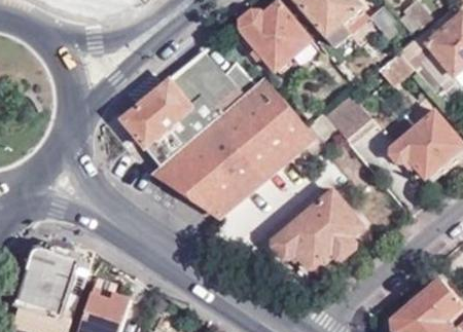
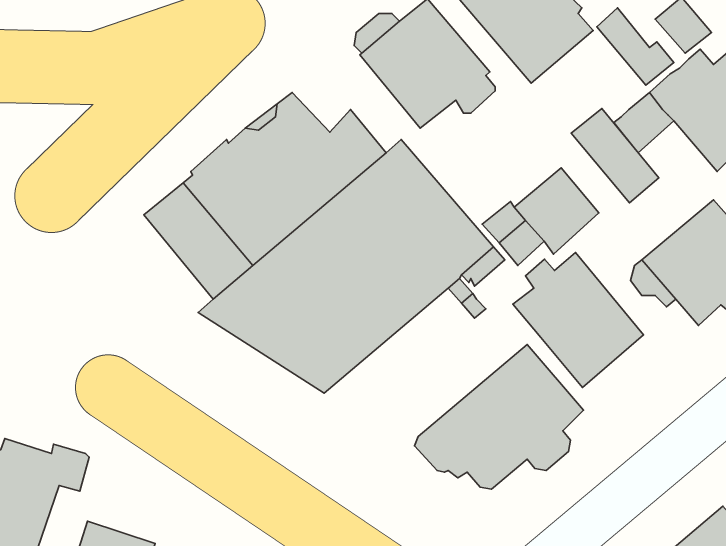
building: none -> [571,108,659,203]
building: none -> [513,252,643,387]

